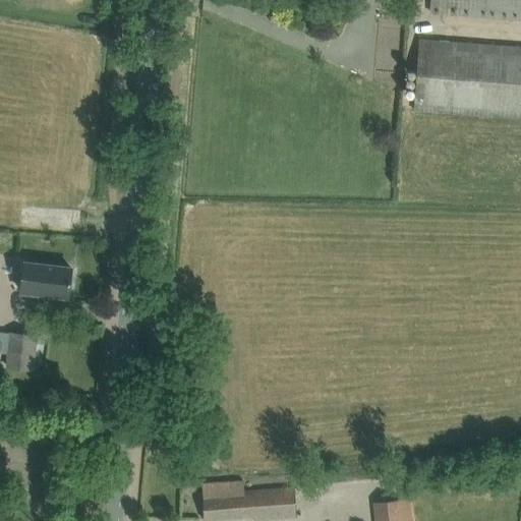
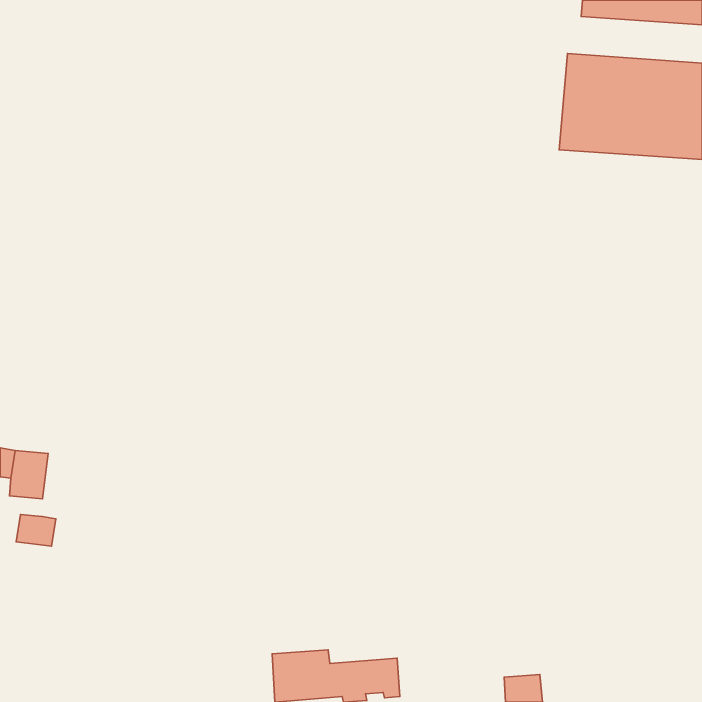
building: [20,264,71,297] -> none
building: none -> [16,515,56,546]

